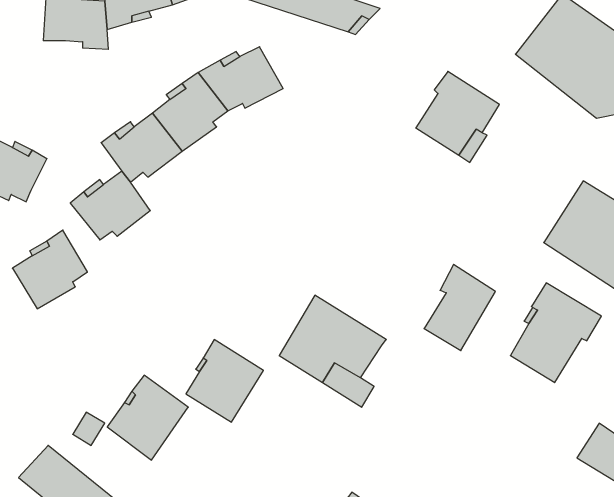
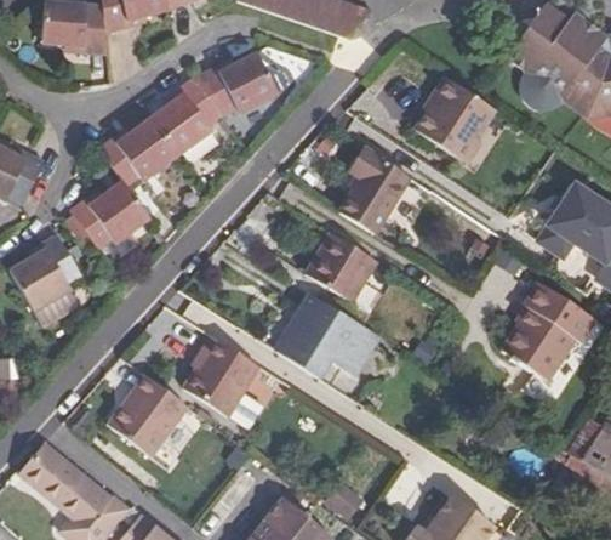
building: none -> [308,233,377,301]
building: [424,264,495,351] -> [341,149,411,234]

